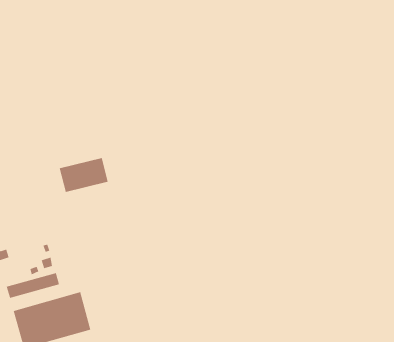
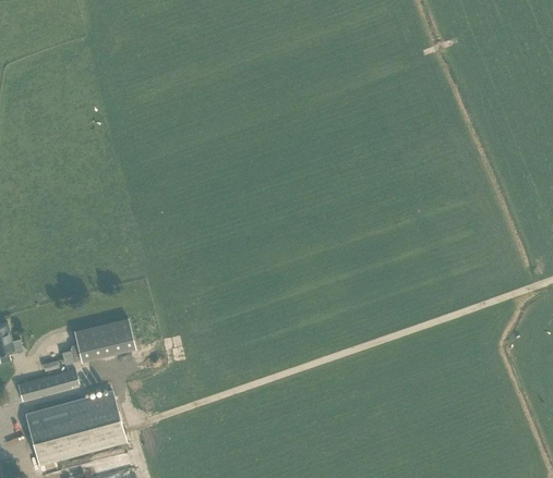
building: [59,158,109,192] -> [73,318,135,361]

